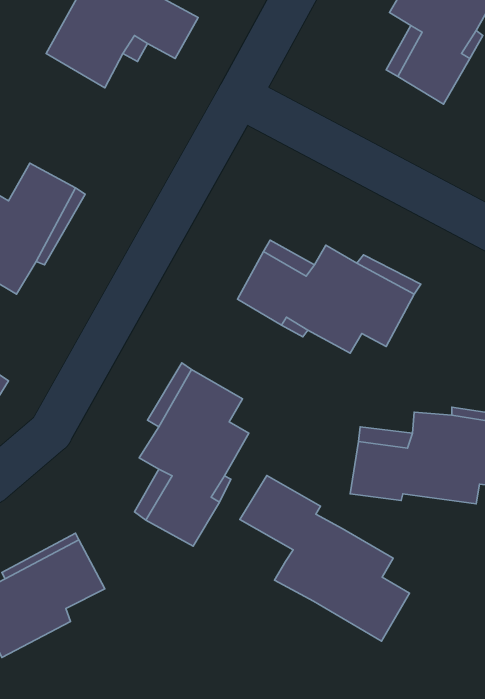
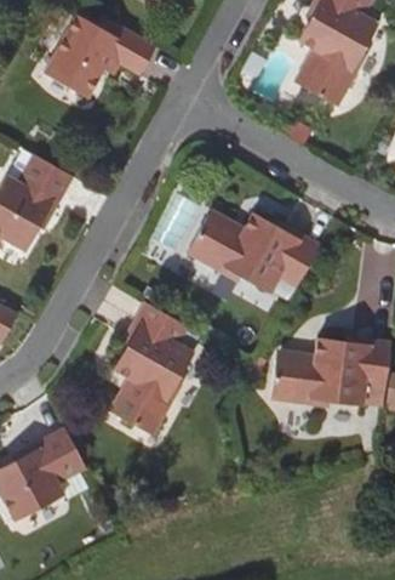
building: [240,476,410,641] -> none

